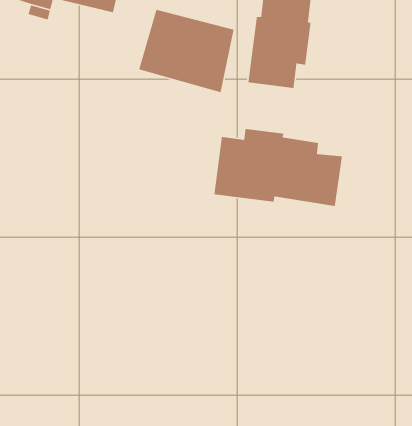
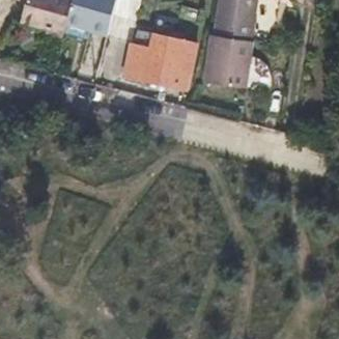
building: [213,128,343,207] -> none

